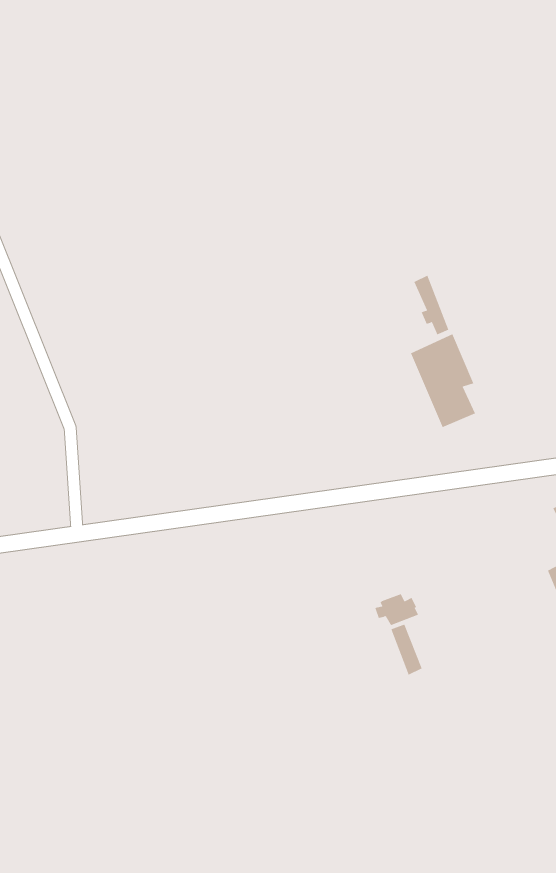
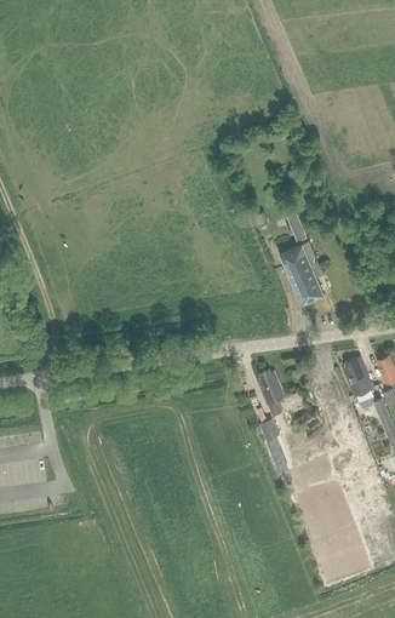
building: none -> [343,359,373,395]
building: none -> [257,368,286,414]

